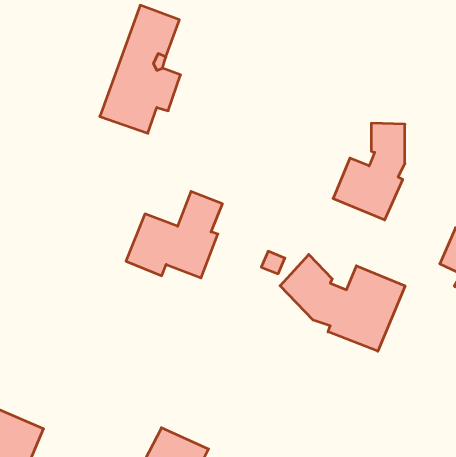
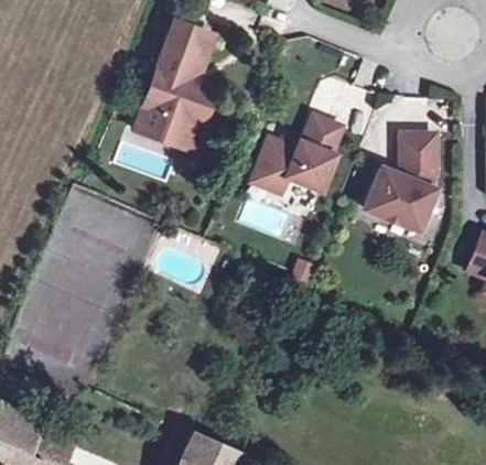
building: [126,191,222,278] -> [249,116,344,201]
building: [280,254,405,351] -> none

